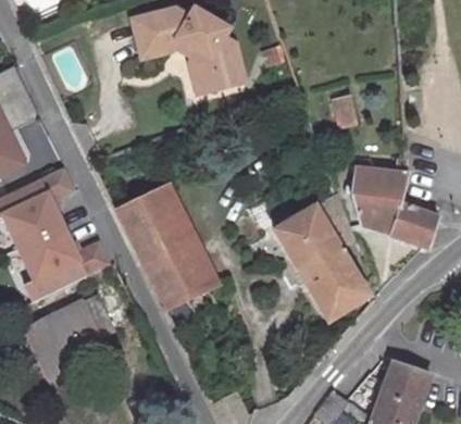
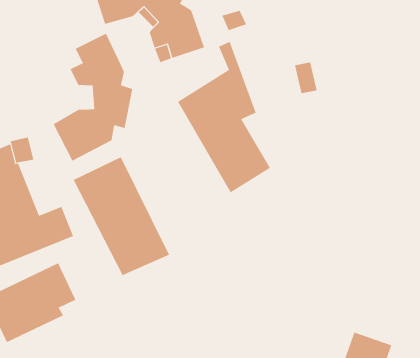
building: none -> [53,33,133,162]
building: [350,159,436,245] -> none
building: [275,170,367,320] -> [177,41,271,193]

